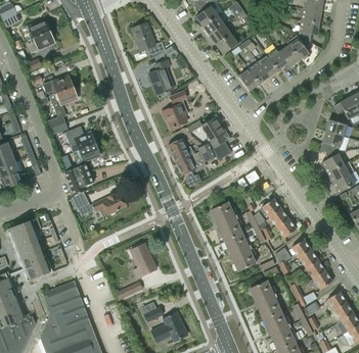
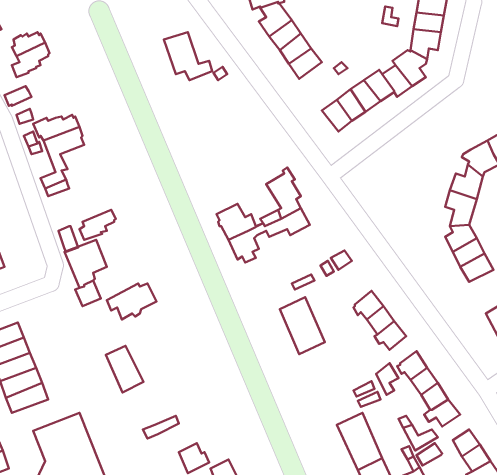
building: [148,59,173,94] -> none
building: [163,91,186,129] -> none
building: [64,127,95,152] -> none
building: [223,233,255,271] -> none
building: [130,244,155,275] -> [106,346,143,392]

